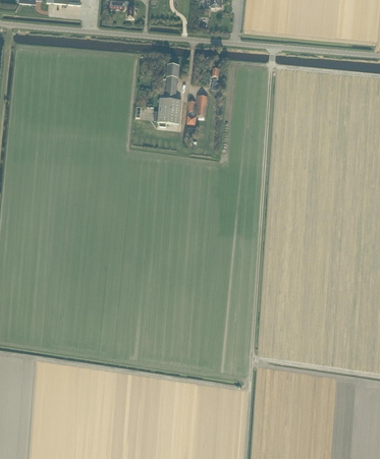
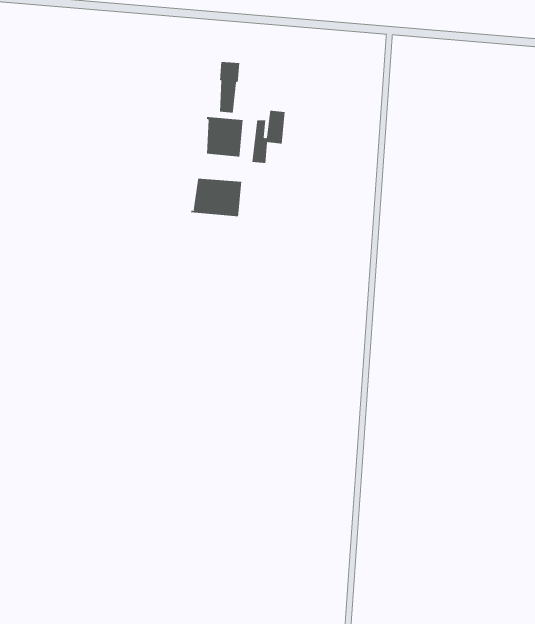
building: none -> [191,178,242,217]

